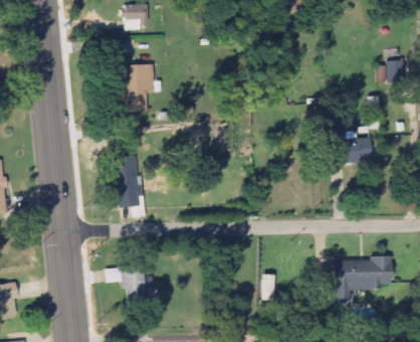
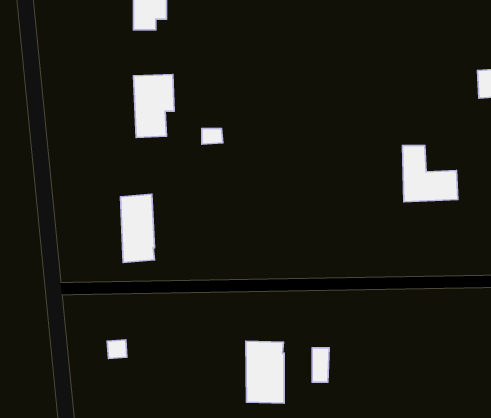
building: [330,256,390,298] -> none
building: [125,263,158,304] -> none
building: none -> [246,341,284,403]

